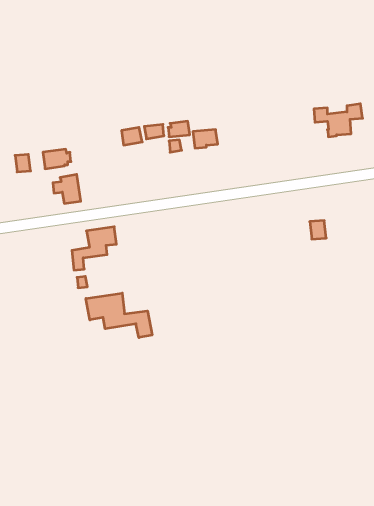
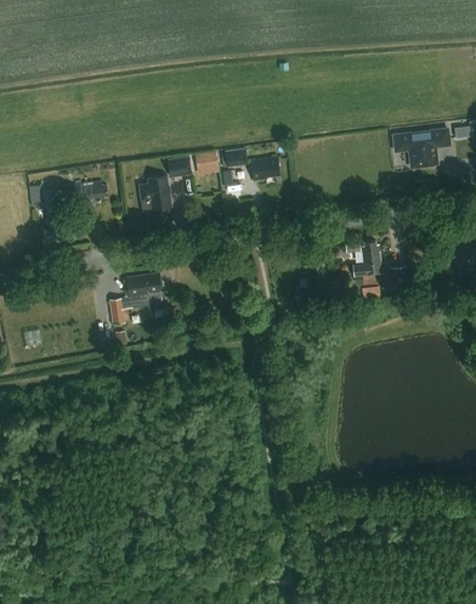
building: [53,174,81,203] -> [140,175,172,209]
building: none -> [351,241,382,289]
building: [86,293,152,338] -> none

